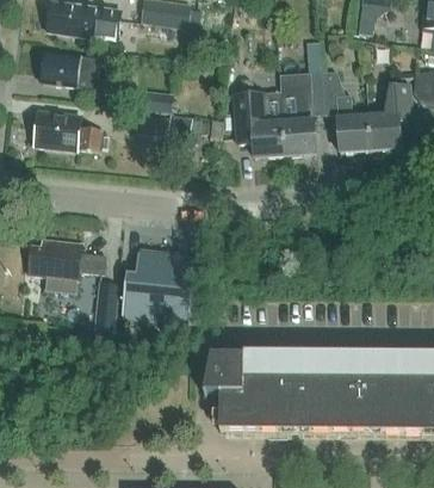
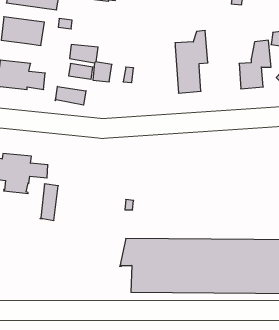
building: [321,69,370,150] -> none
building: [235,91,284,156] -> none
building: none -> [55,86,86,105]
building: [124,260,192,327] -> none

